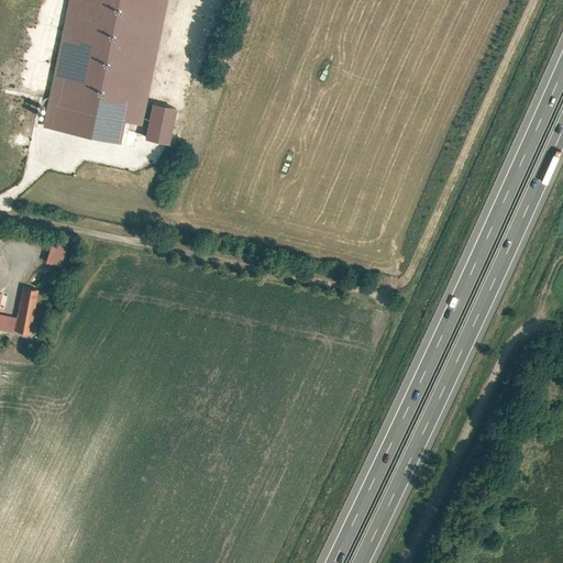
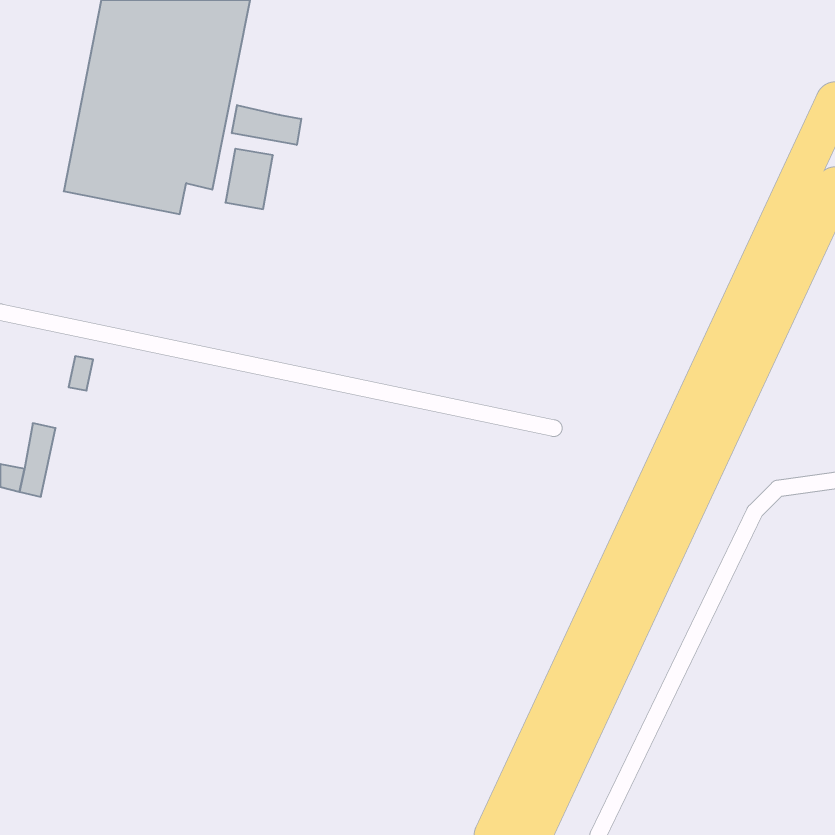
building: none -> [232,105,301,145]

